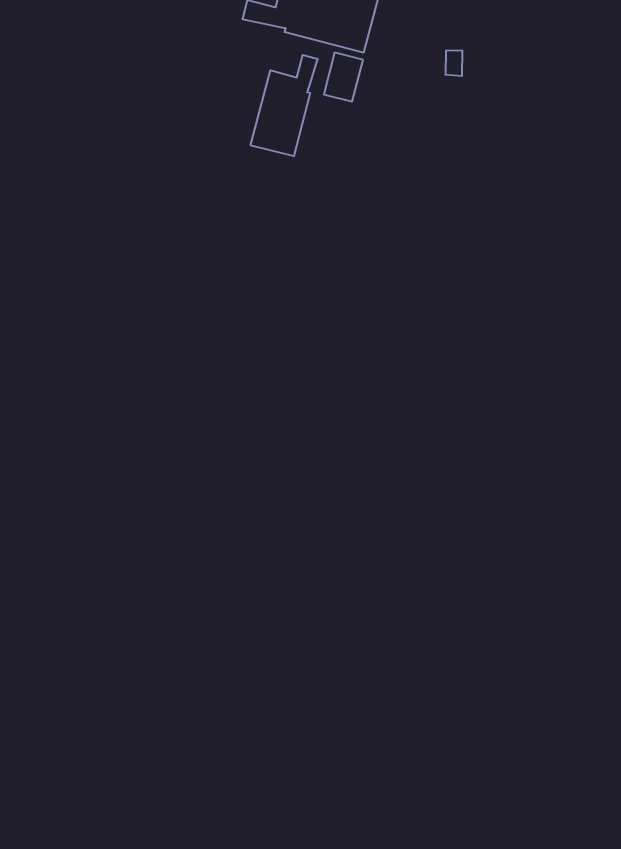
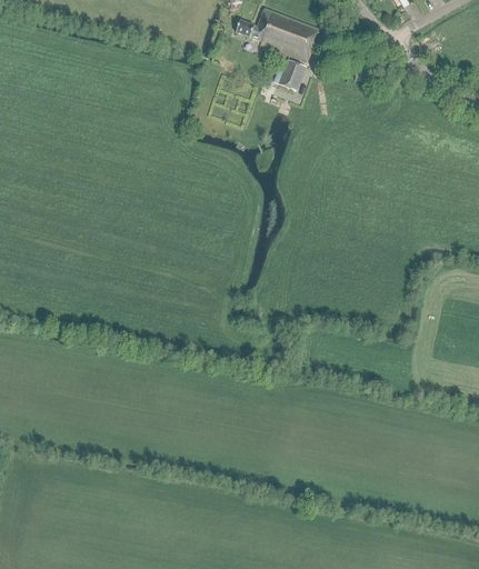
building: [251,55,318,156] -> none

